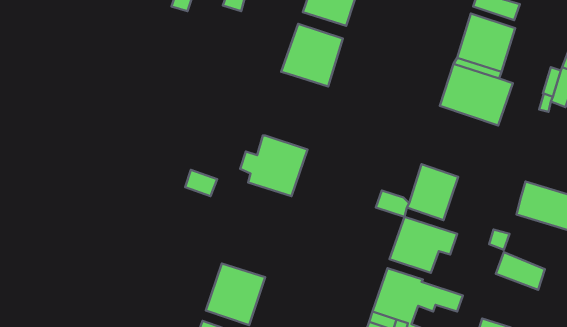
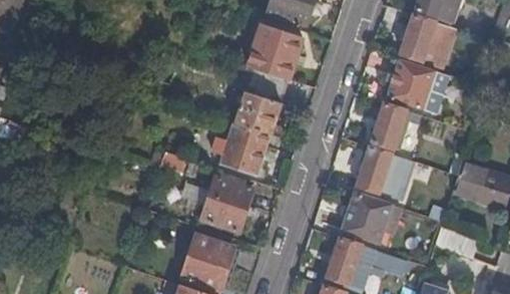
building: none -> [233,67,289,133]
building: none -> [373,102,412,148]
building: none -> [200,176,252,231]

